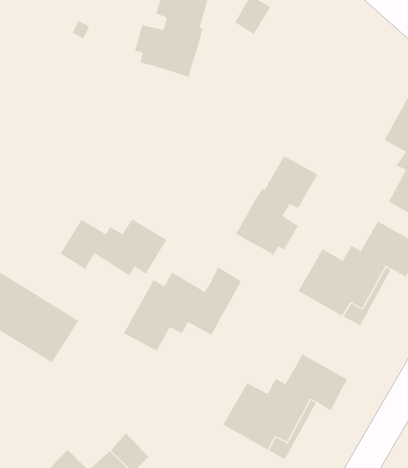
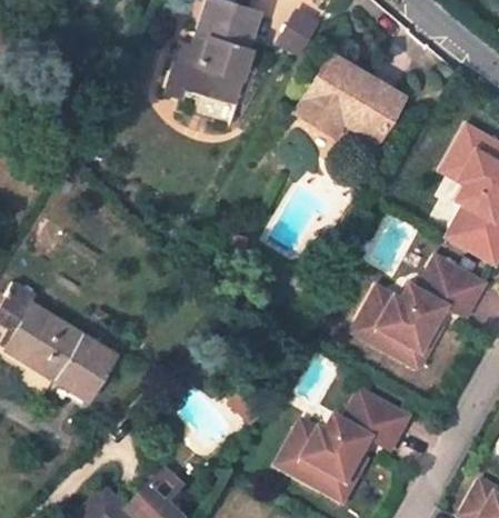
building: none -> [300,54,406,140]
building: [235,155,318,256] -> none
building: [60,218,167,276] -> none
building: [123,267,242,351] -> none

